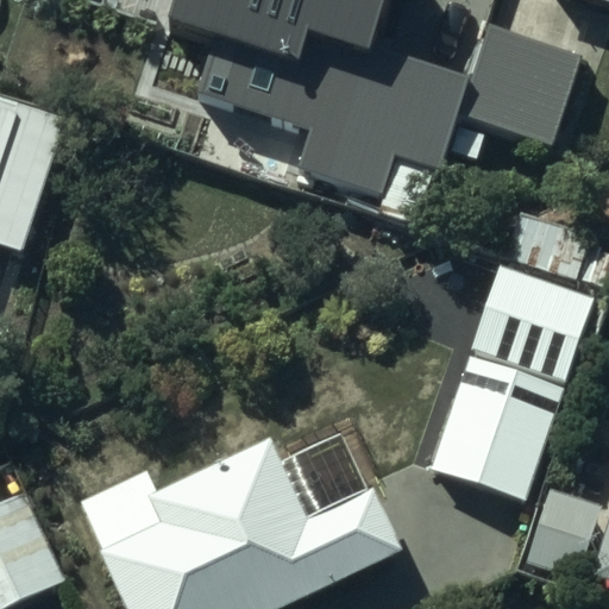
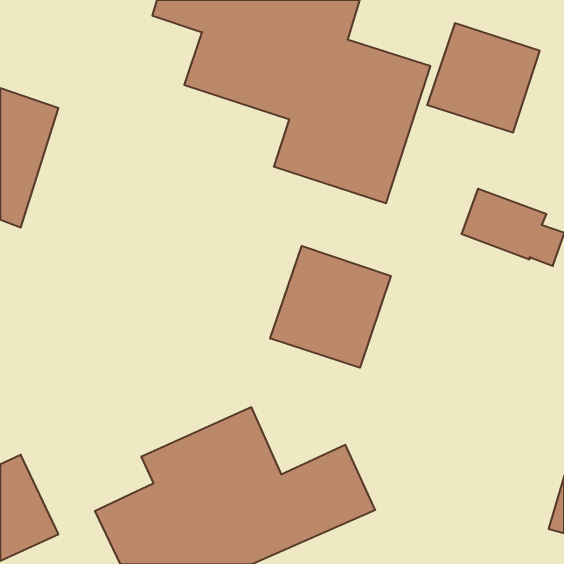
building: [429,263,594,496] -> none
building: none -> [270,246,391,368]

